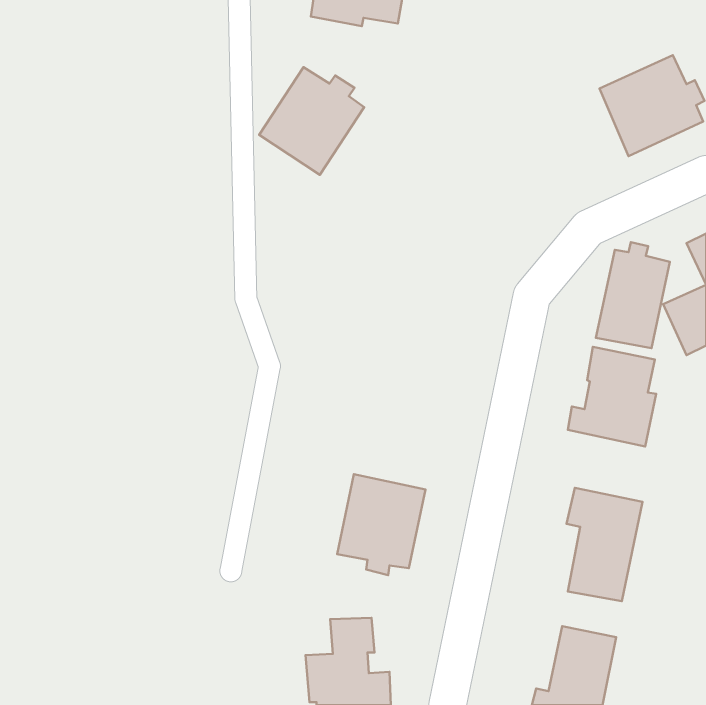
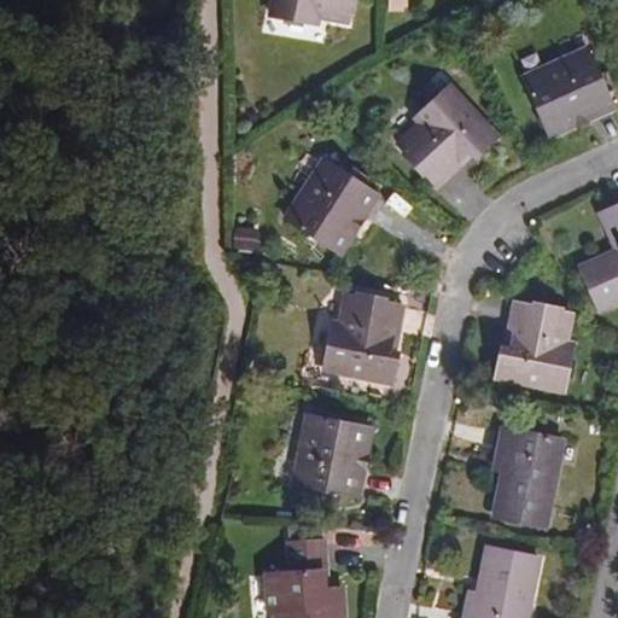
building: [259,67,364,175] -> [286,159,378,253]
building: none -> [398,86,496,182]
building: [596,242,670,348] -> none
building: none -> [323,297,400,383]

